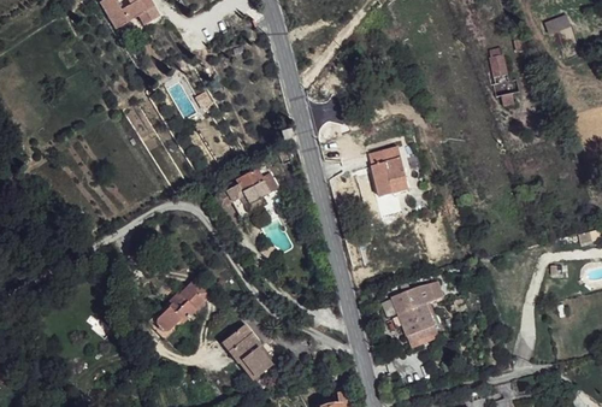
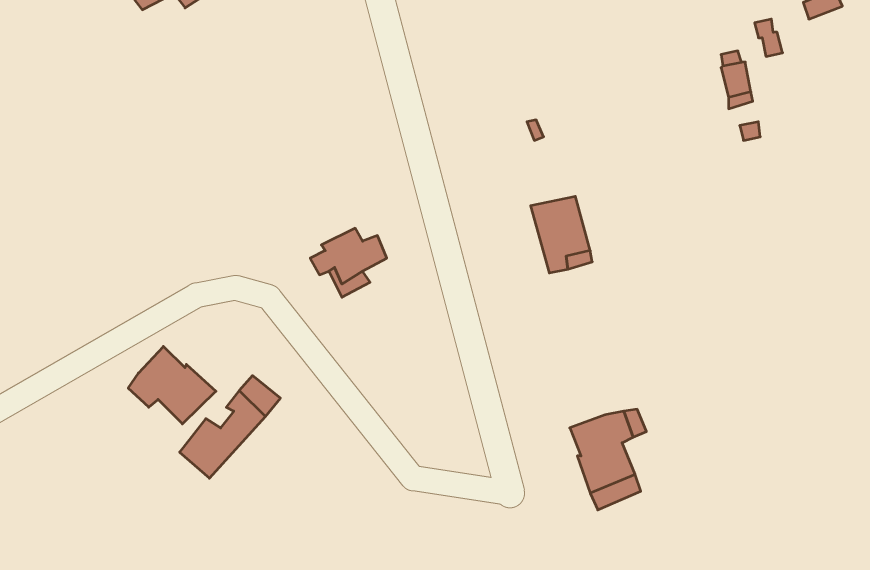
building: none -> [128,346,216,424]
building: [222,324,271,378] -> none

